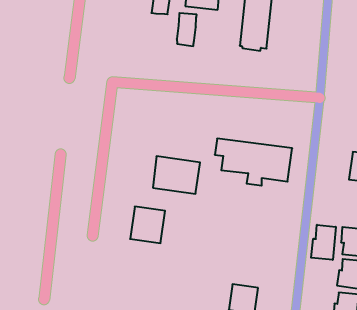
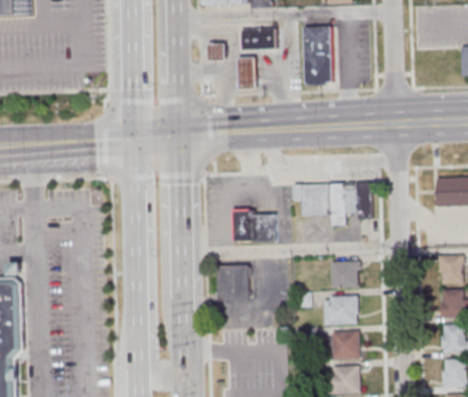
building: none -> [330,261,359,288]
building: [311,225,336,260] -> none
building: none -> [322,296,357,326]

